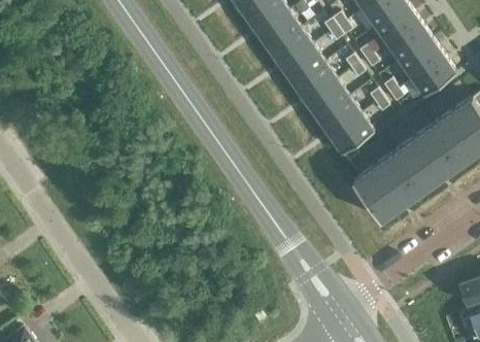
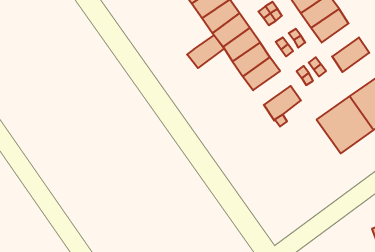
building: [399,39,443,78] -> none
building: none -> [187,35,224,68]
building: [317,96,362,136] -> none
building: [352,153,421,221] -> none

